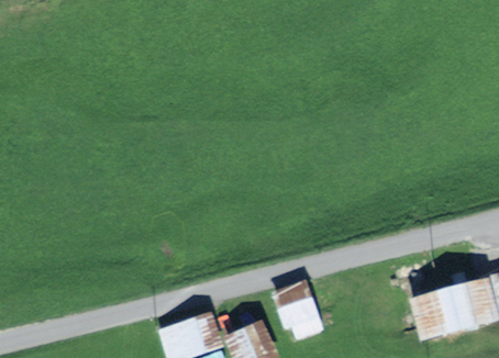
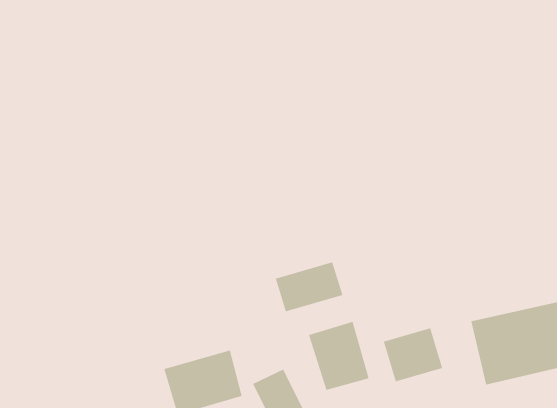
building: none -> [275,262,343,312]
building: none -> [383,328,443,382]

